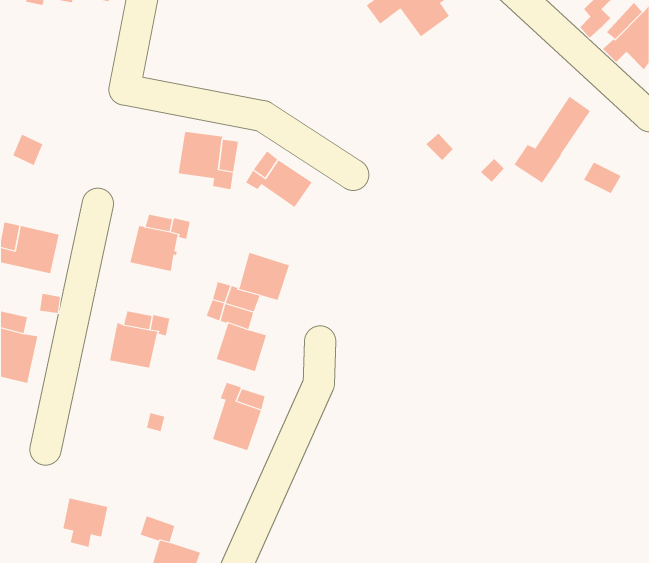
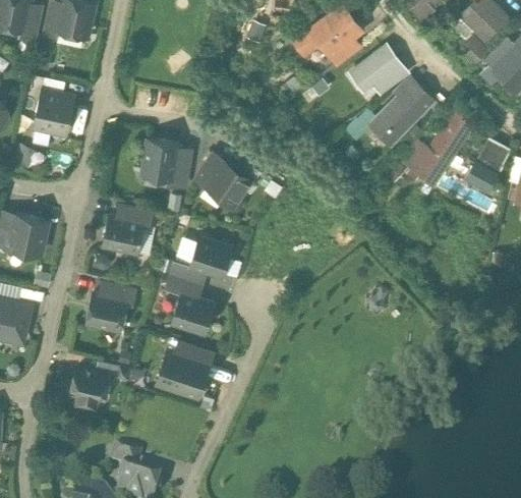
building: none -> [346,43,409,95]
building: none -> [379,89,431,139]
building: none -> [35,91,74,135]
building: none -> [478,140,511,171]
building: [62,498,108,547] -> [72,370,109,409]

